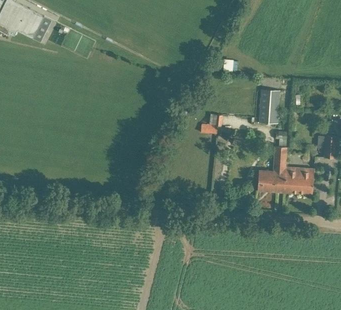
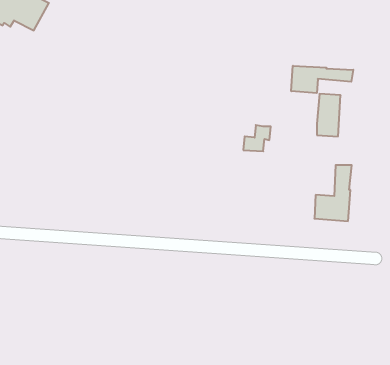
building: none -> [291,66,353,93]
building: [284,166,313,193] -> none

